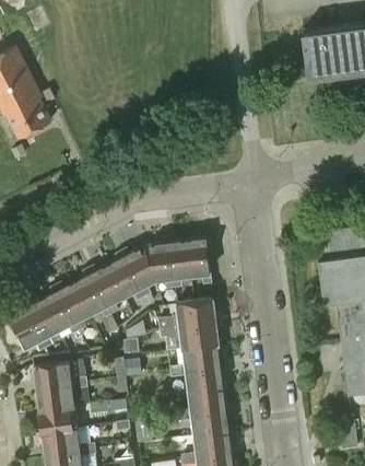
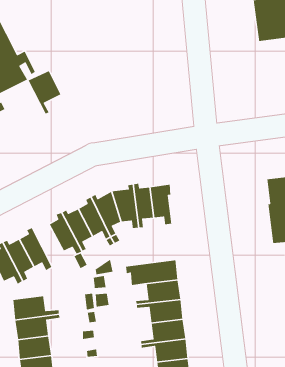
building: none -> [28,70,62,114]
building: [55,283,90,331] -> none
building: [157,301,215,330] -> none

